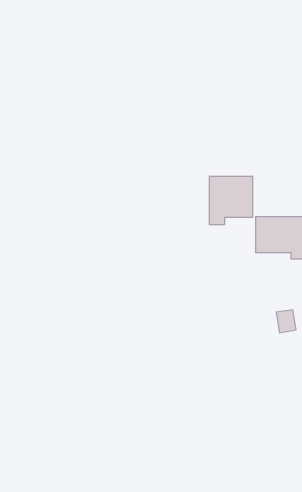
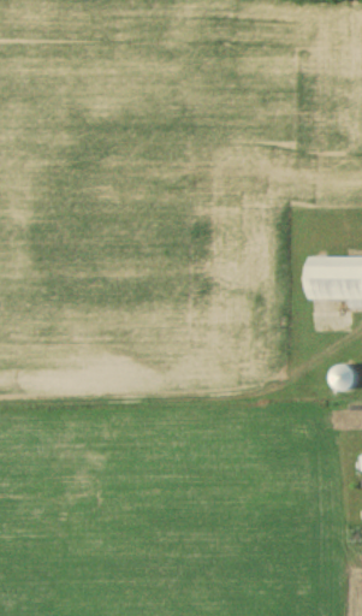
building: [210,176,253,225] -> none

